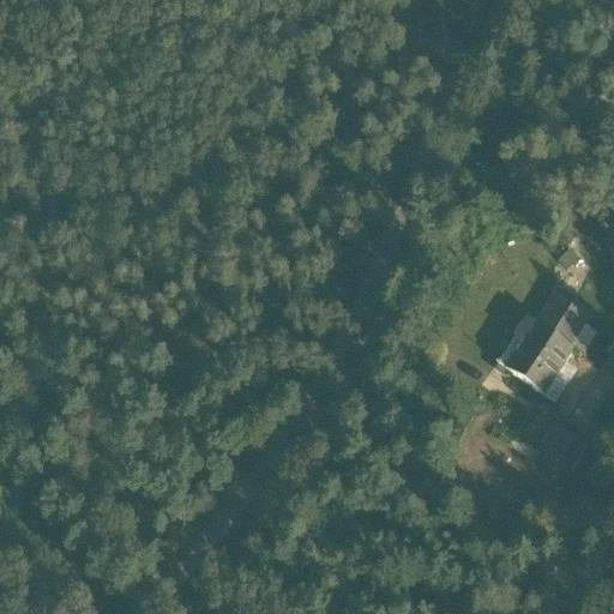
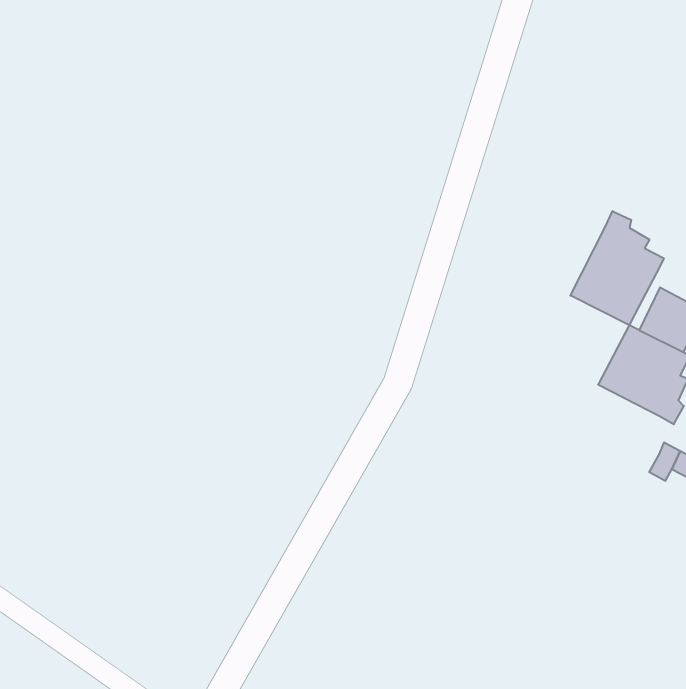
building: none -> [570,211,664,325]

